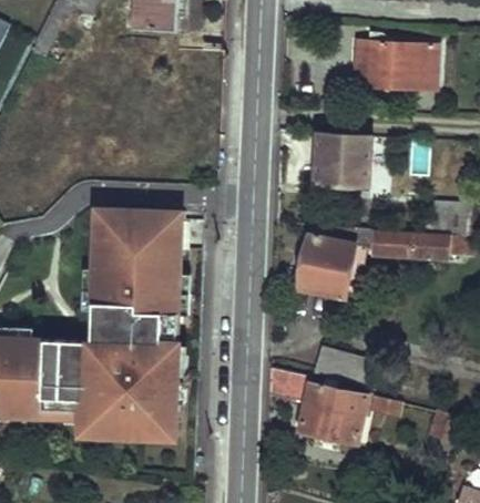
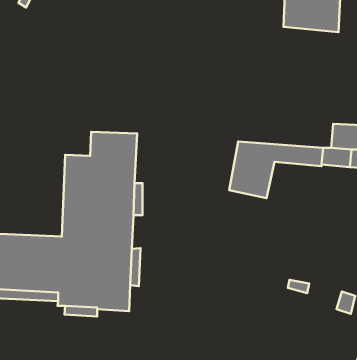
building: [313,133,369,185] -> none
building: [92,212,124,243] -> none
building: [312,343,371,387] -> none
building: [268,367,366,442] -> none

